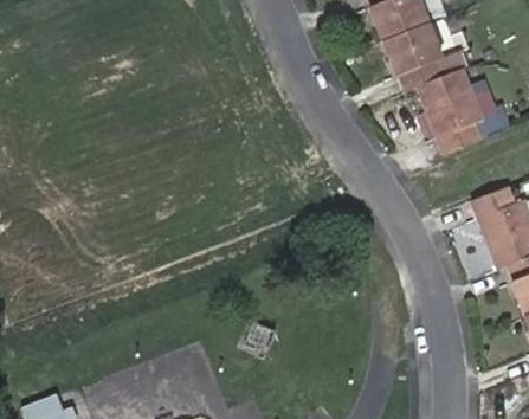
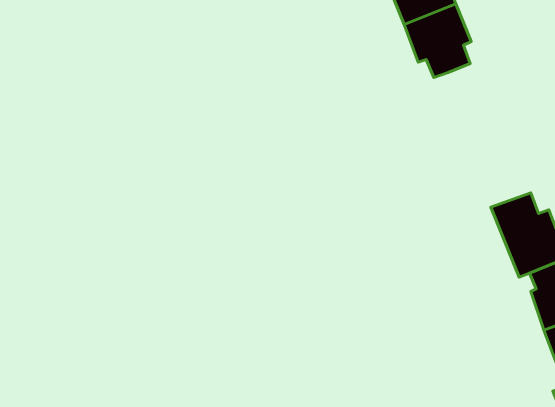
building: [424,65,488,150] -> none

